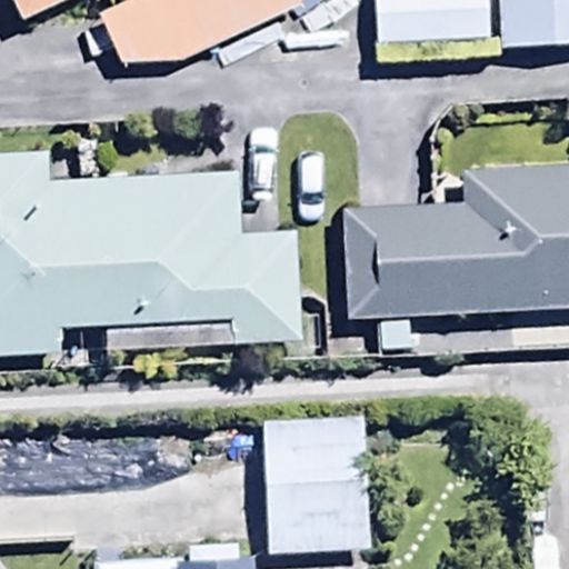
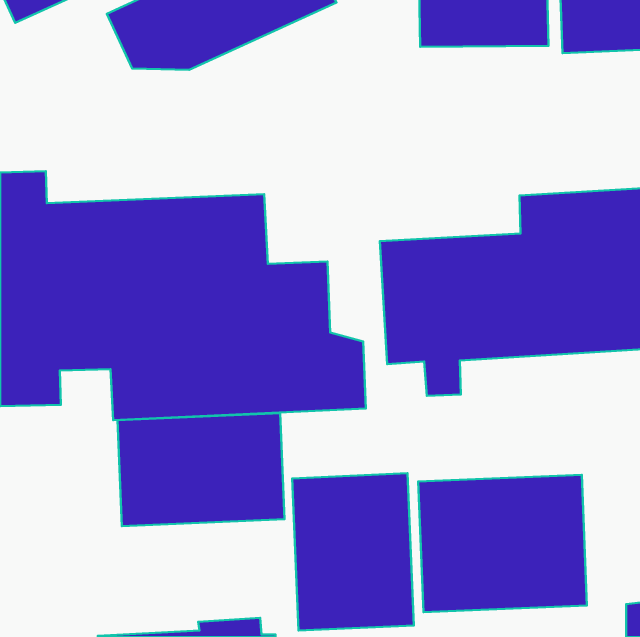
building: none -> [118,413,284,526]
building: none -> [418,475,587,612]

